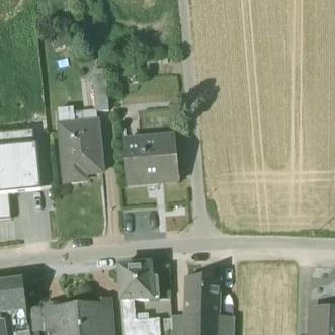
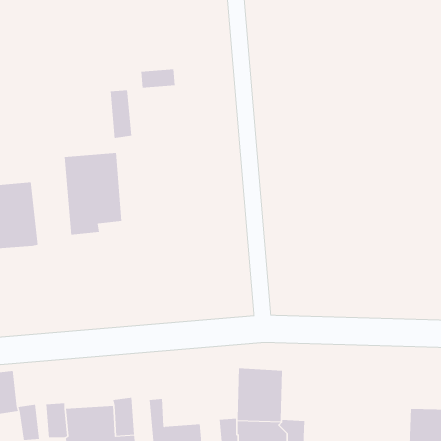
building: [123,134,177,182] -> none
building: [118,261,158,299] -> none

